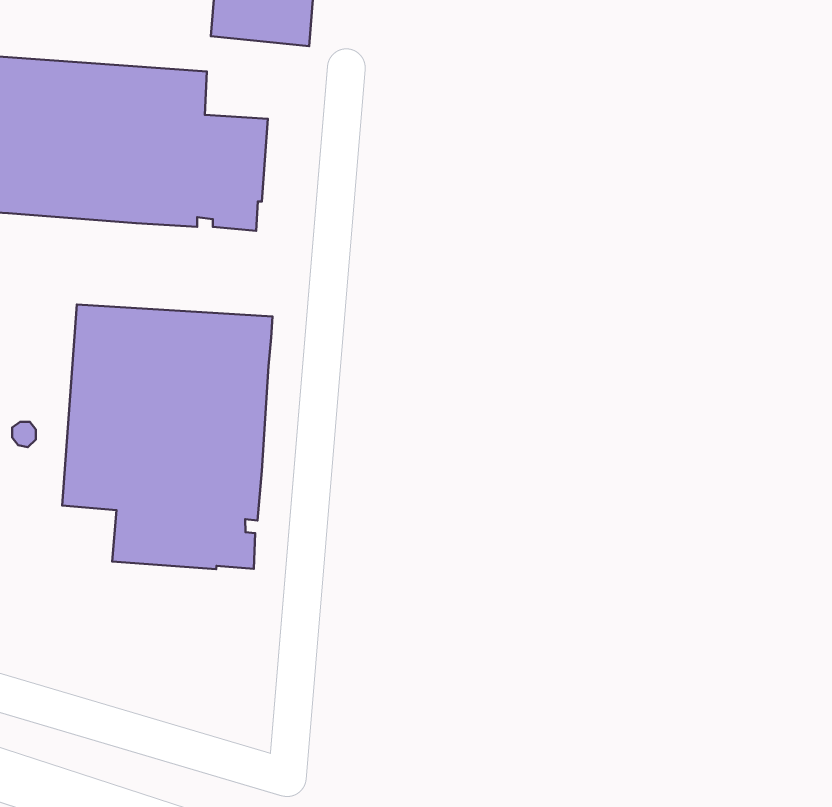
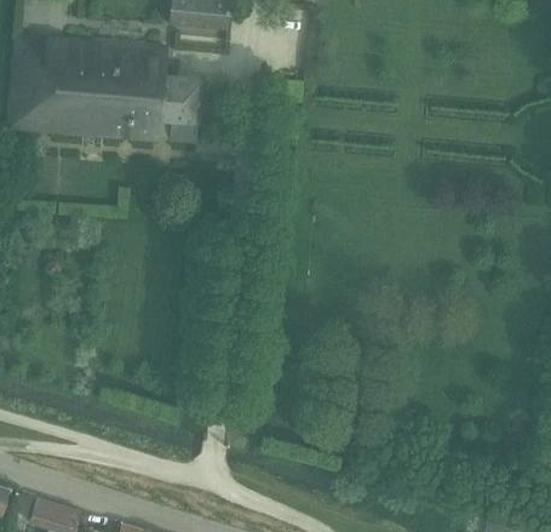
building: [62,305,273,569] -> none

